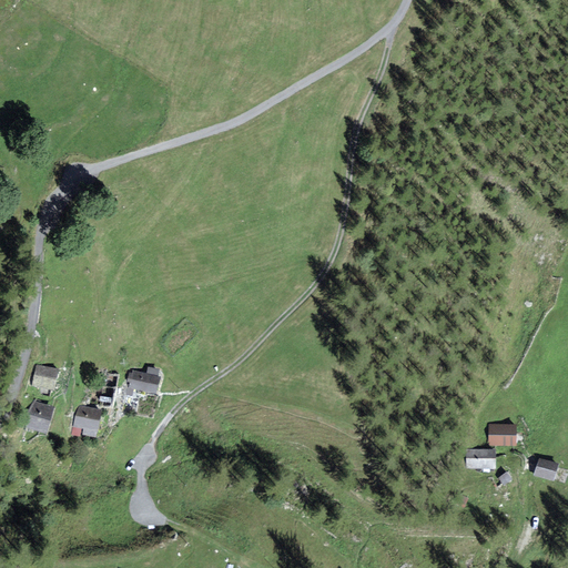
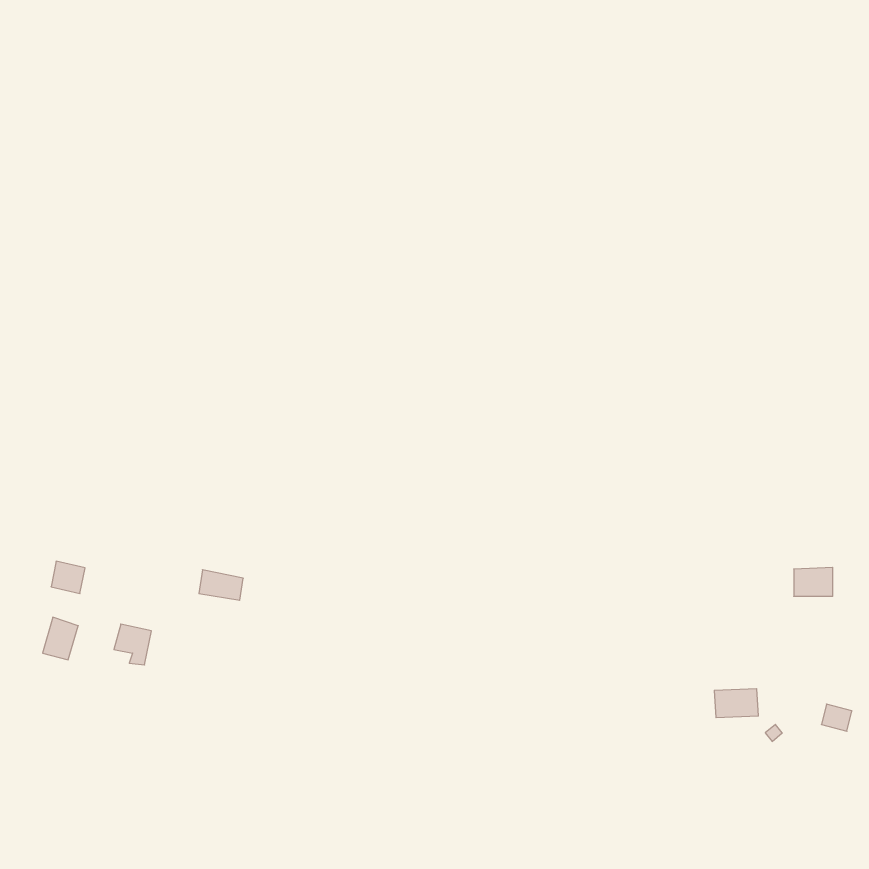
building: [489,425,515,444] -> [794,567,833,596]

